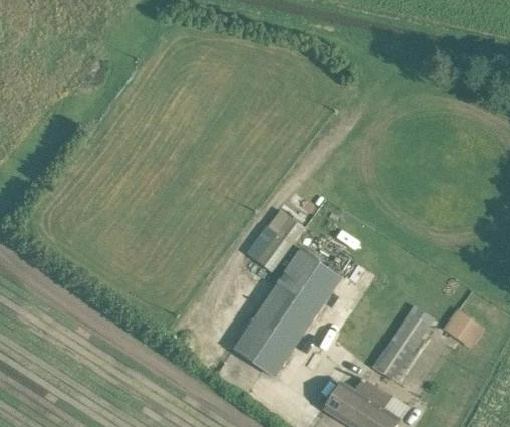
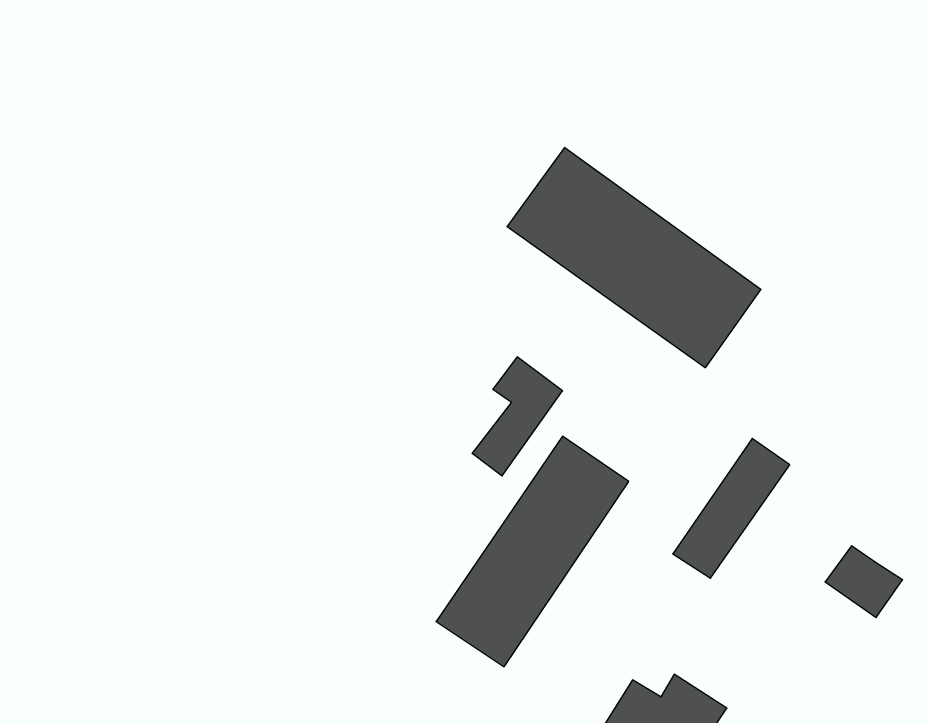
building: none -> [507,147,761,368]
building: [370,304,433,379] -> [673,438,790,578]

